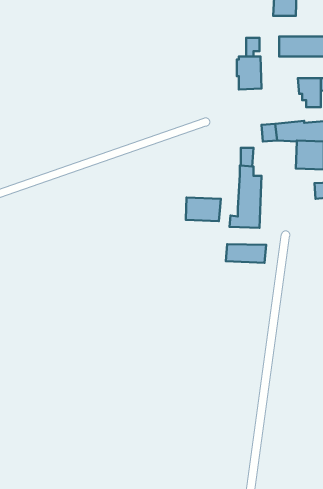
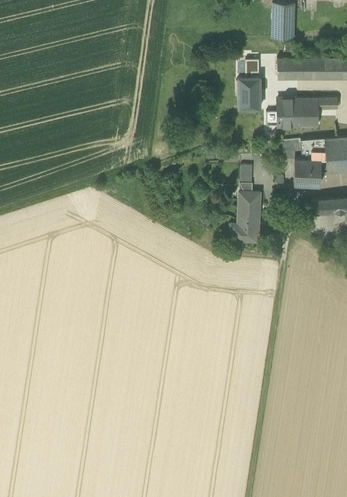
building: none -> [265,99,303,128]
building: [186,198,221,221] -> none
building: [226,244,266,263] -> none

